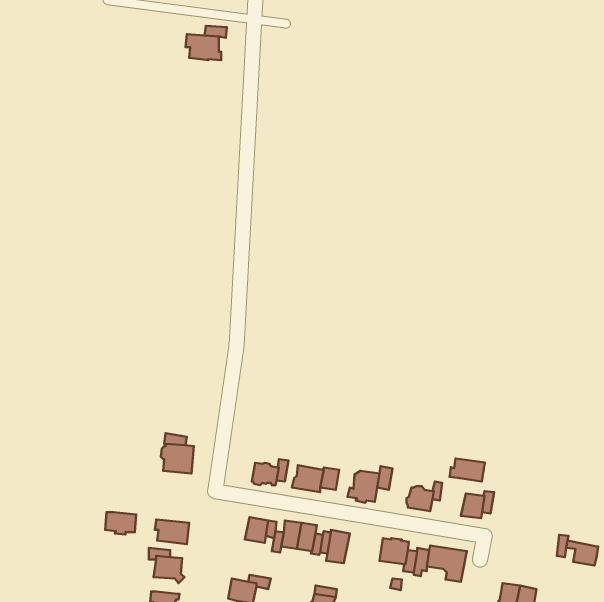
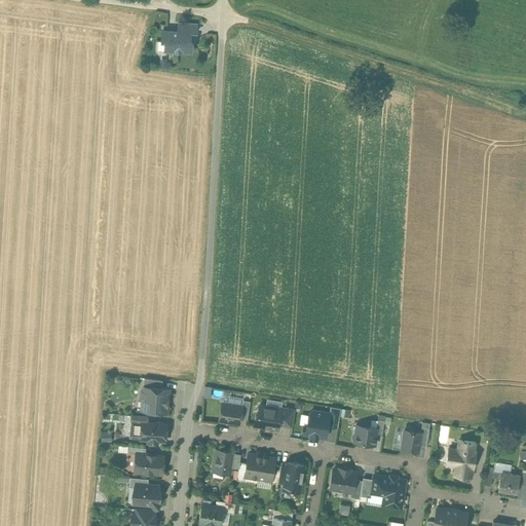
building: [449,459,485,482] -> none
building: none -> [446,441,476,478]
building: [105,512,136,535] -> [140,423,166,443]

